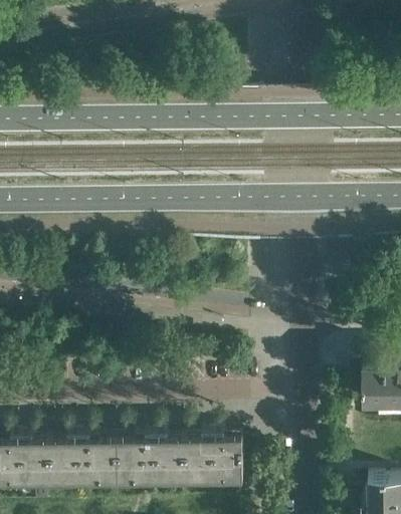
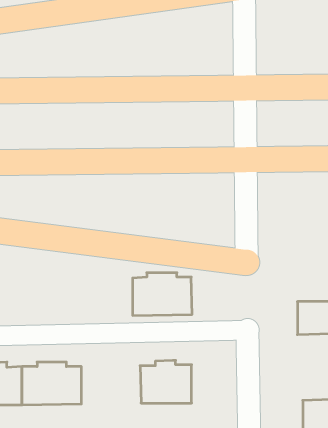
building: [118,437,185,485] -> [133,273,192,315]

